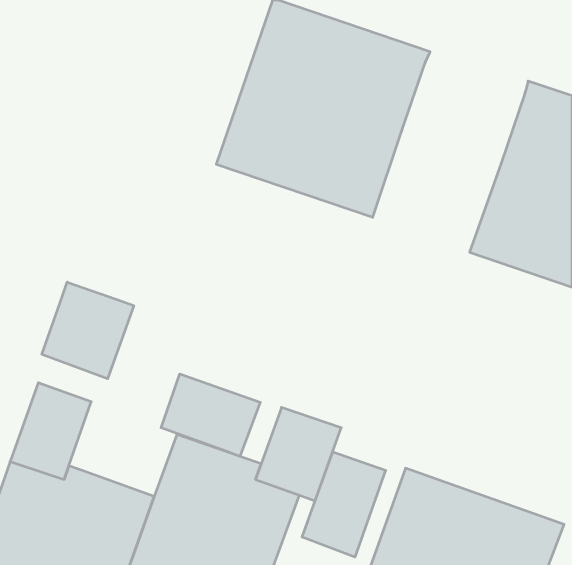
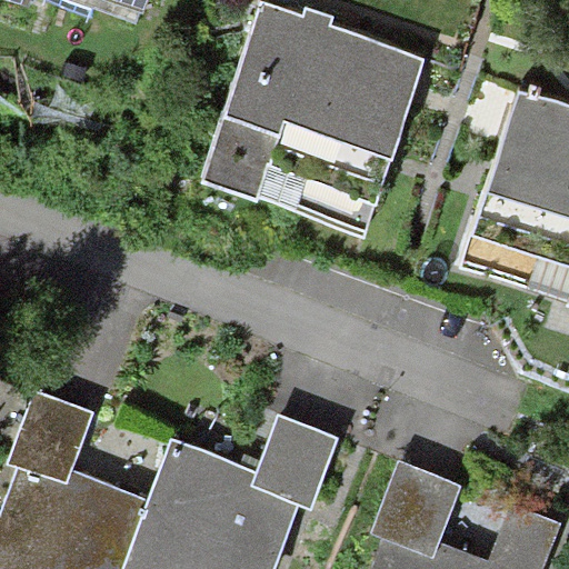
building: [42,282,134,379] -> none
building: [161,374,260,456] -> none
building: [302,452,386,557] -> none

